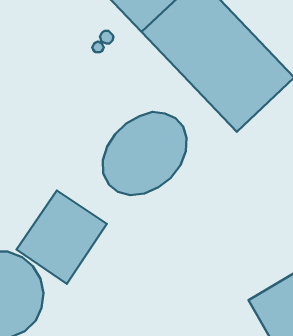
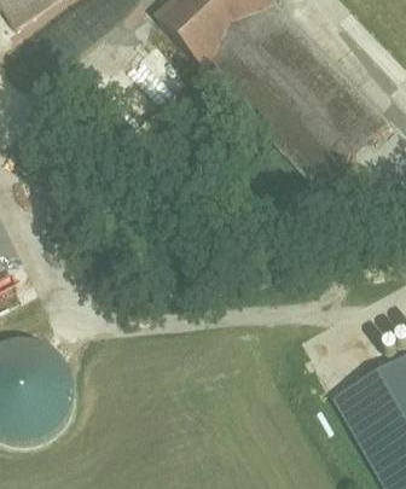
building: [103,112,186,195] -> none
building: [16,190,107,284] -> none

